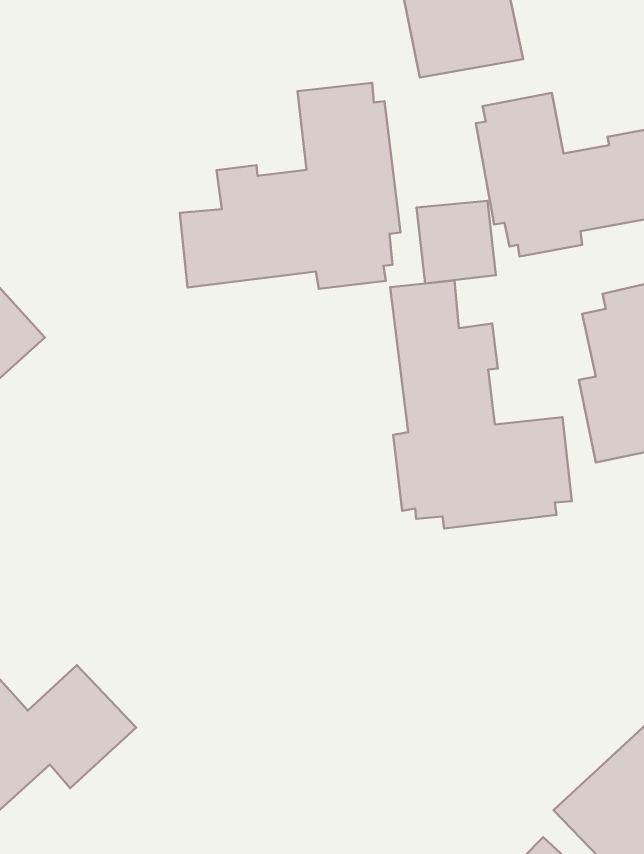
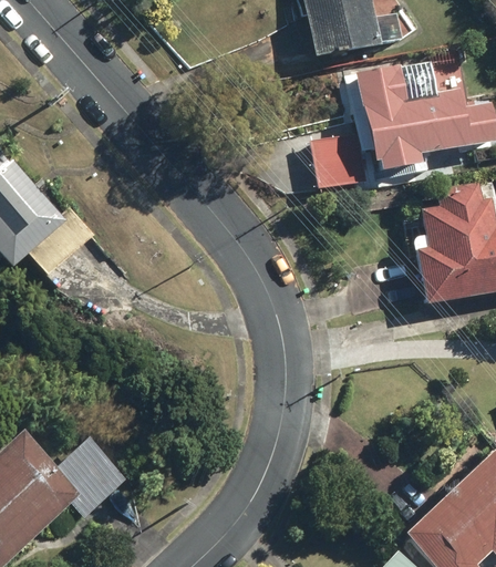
building: [180,83,400,289] -> none
building: [390,281,572,529] -> none

